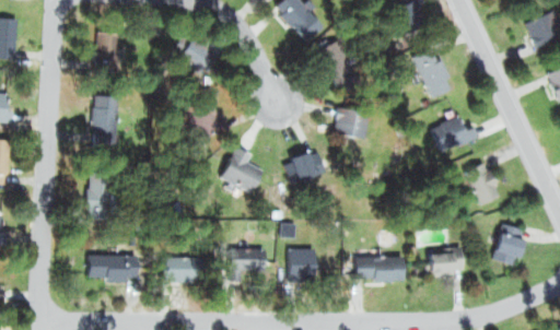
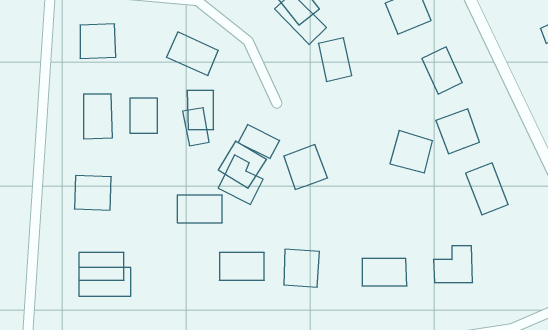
building: [331,101,372,141] -> [390,130,433,173]
building: none -> [130,98,157,133]
building: none -> [238,124,280,159]
building: [491,223,525,268] -> none
building: [159,251,201,278] -> [177,195,222,223]

